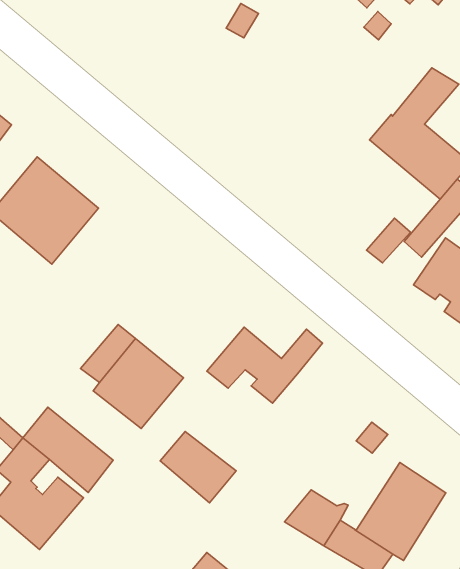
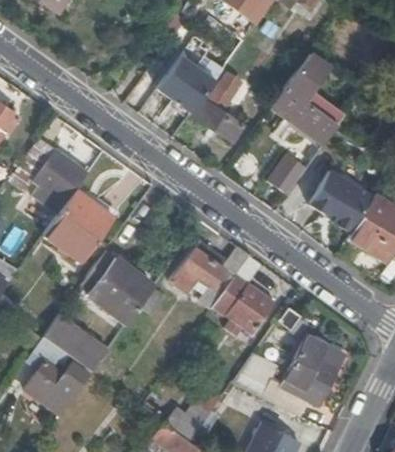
building: none -> [159,58,216,114]
building: none -> [196,81,244,143]
building: none -> [47,181,117,255]
building: [160,431,236,503] -> [217,276,271,325]

